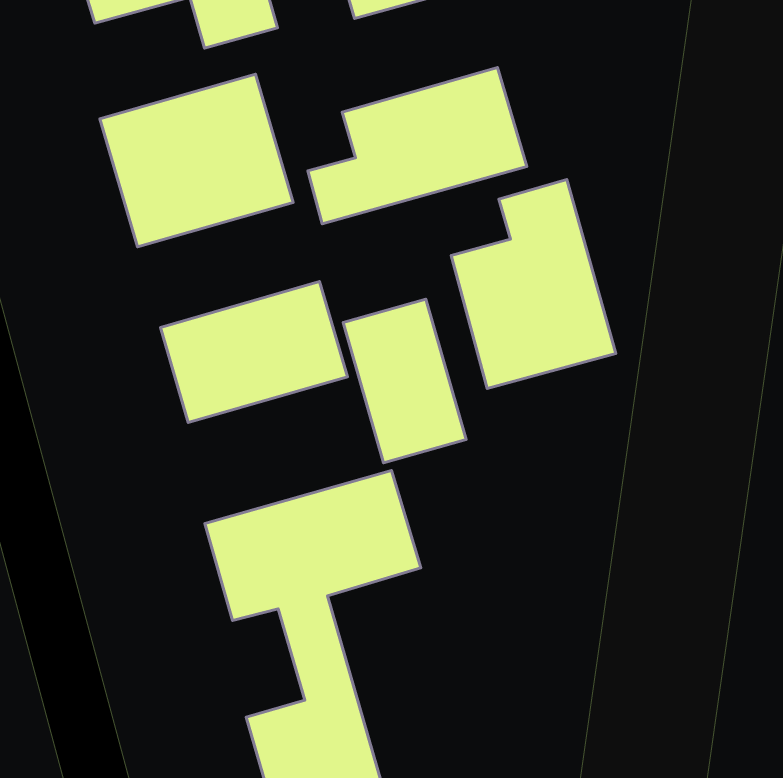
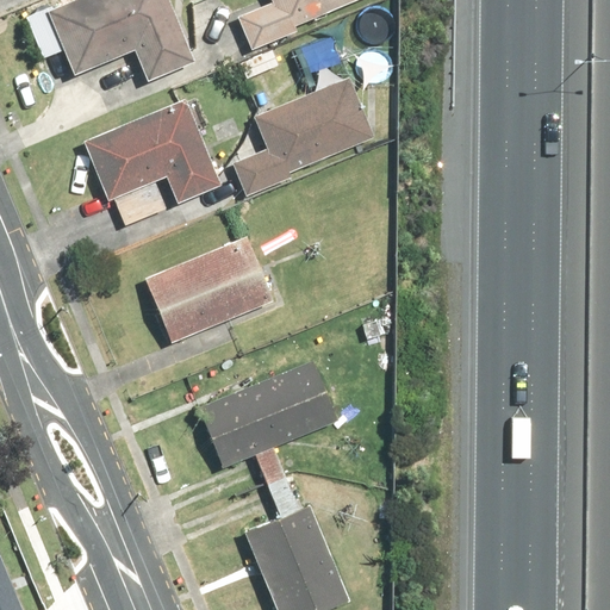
building: [451,179,616,388] -> none
building: [343,299,466,463] -> none

